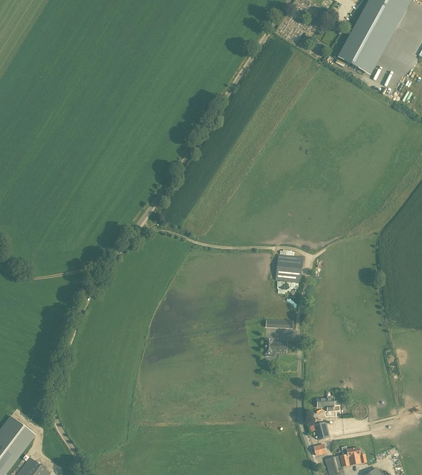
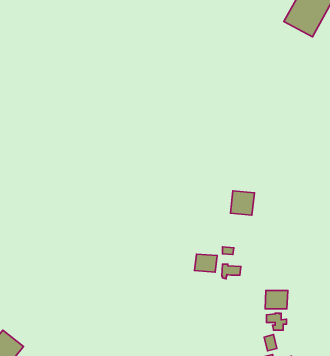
building: none -> [194,254,217,272]
building: none -> [265,290,288,309]

